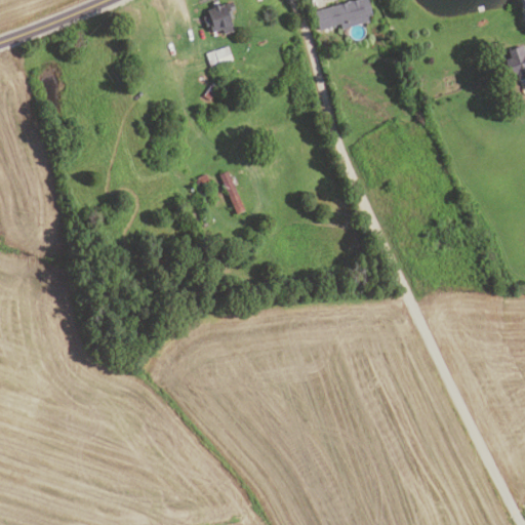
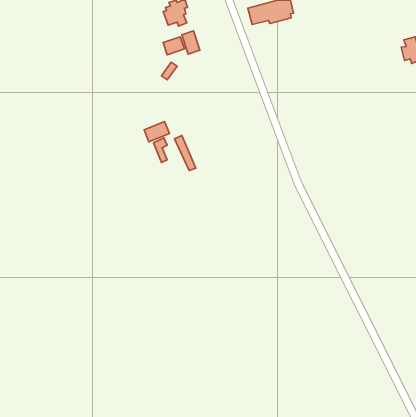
building: none -> [182,31,200,54]
building: none -> [144,121,169,142]

